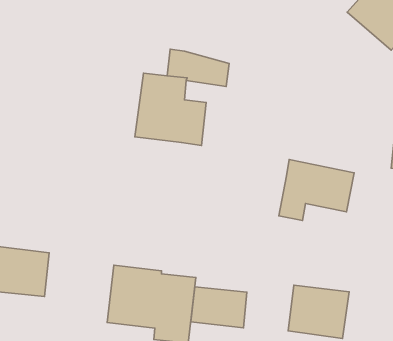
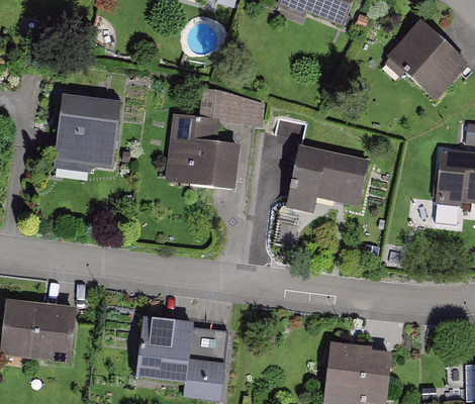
building: none -> [54,98,119,172]
building: [279,160,354,220] -> [288,143,368,208]
building: [191,287,247,328] -> none

